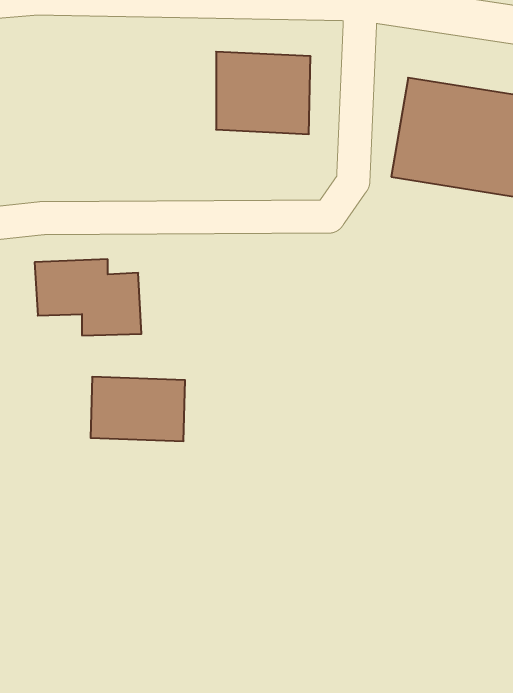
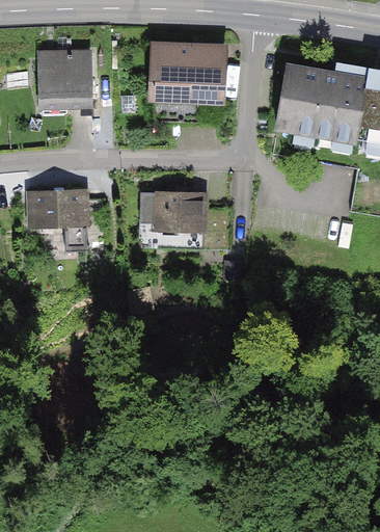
building: none -> [37,51,90,107]
building: [91,377,185,441] -> [140,190,205,234]

